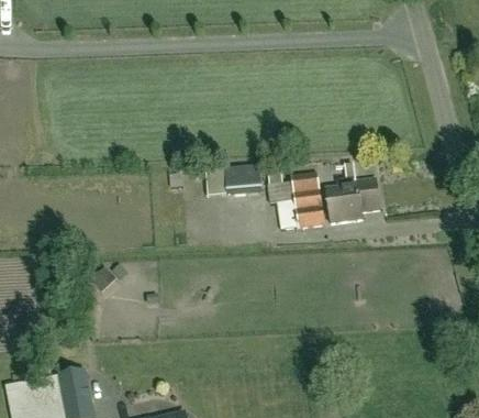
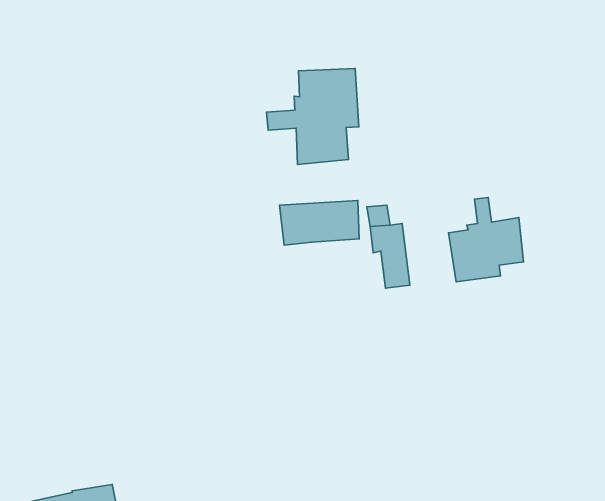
building: none -> [267,69,359,165]
building: [291,171,325,227] -> none

